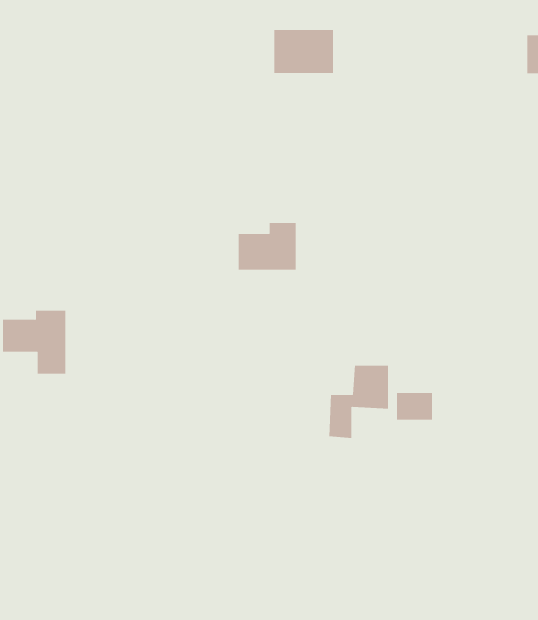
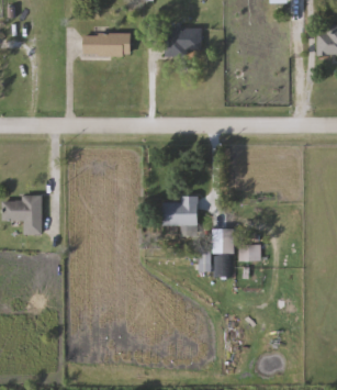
building: none -> [82,33,131,55]
building: [238,222,296,270] -> [162,197,198,225]

